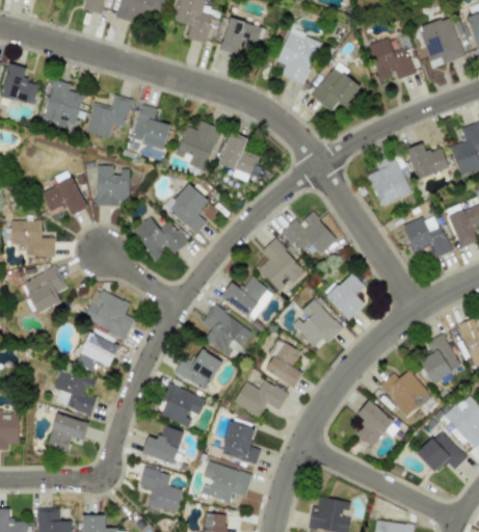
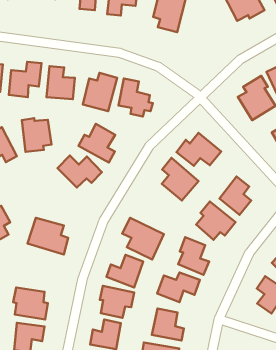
building: [312,64,363,111] -> none
building: [221,277,272,318] -> none
building: [75,334,119,371] -> none

